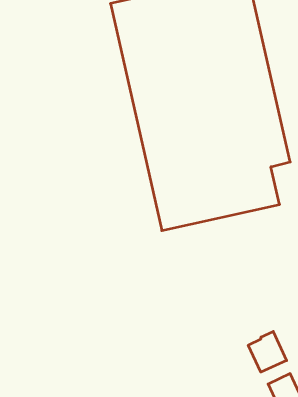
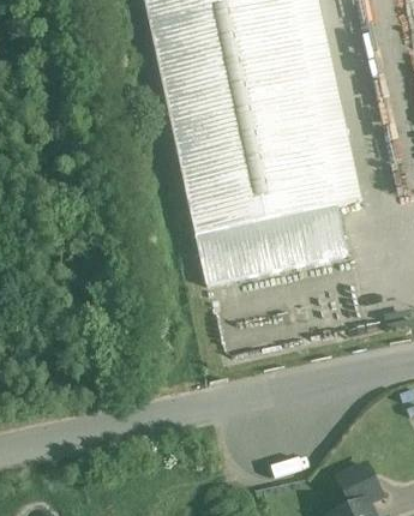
building: [248,331,287,372] -> none

